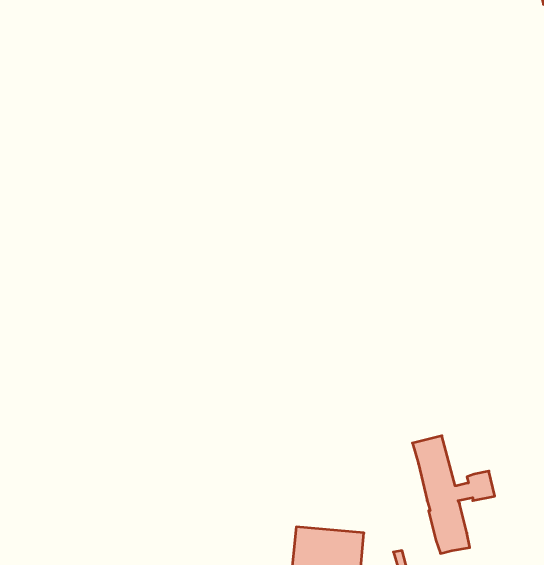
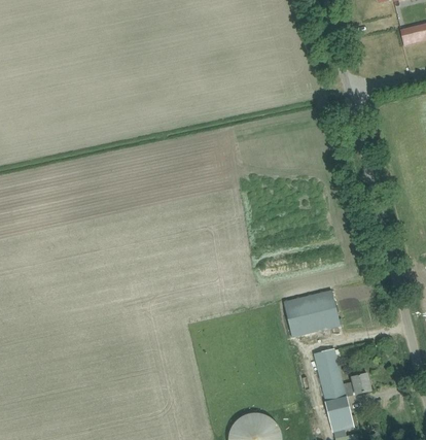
building: none -> [281,289,340,338]

